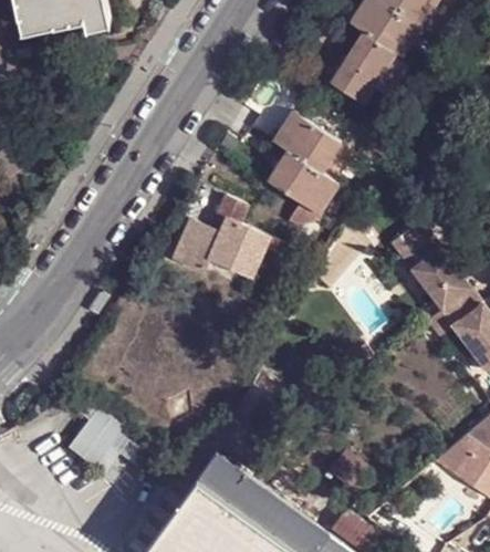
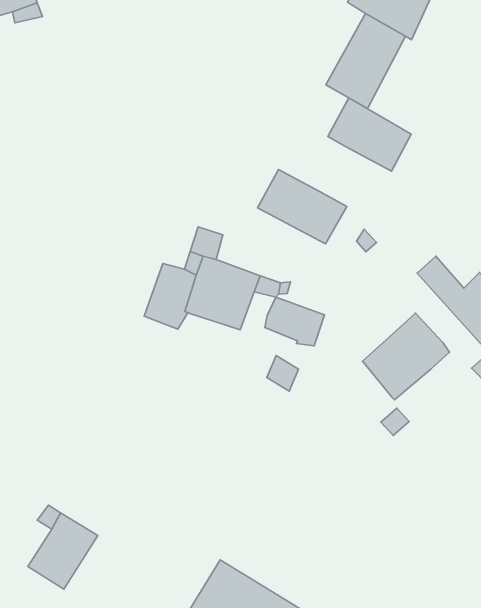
building: [273,115,338,175] -> [328,98,411,171]
building: none -> [265,297,325,346]
building: none -> [363,313,449,400]

